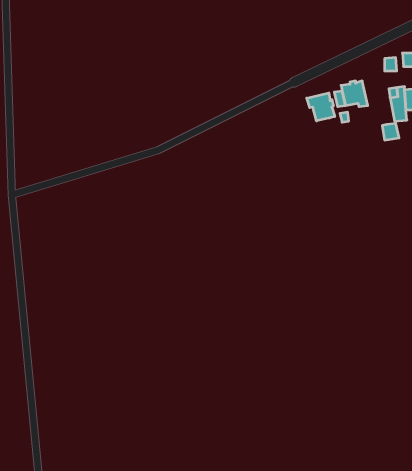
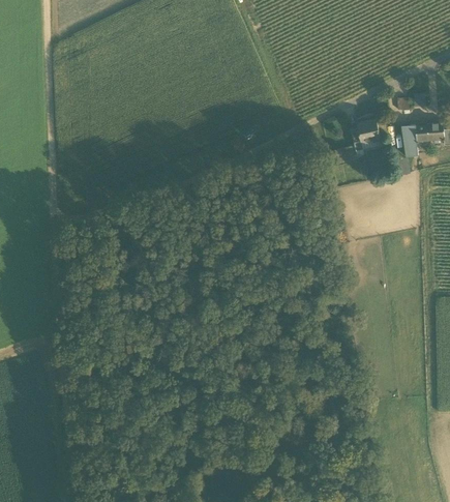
building: [307,93,335,121] -> none

